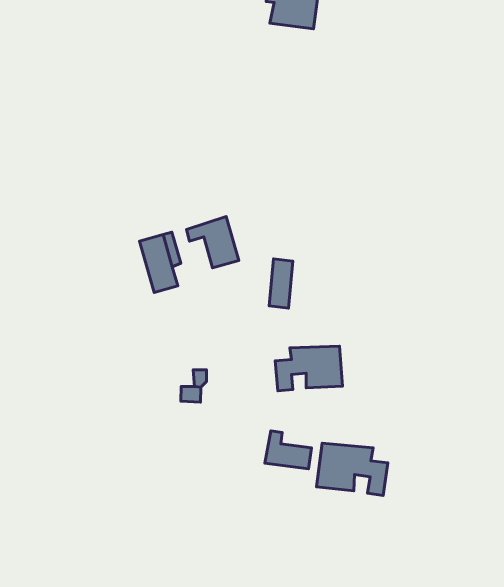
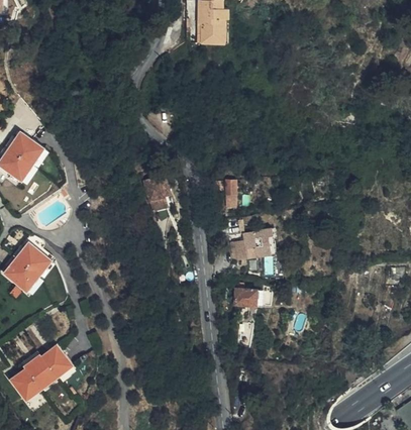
building: [186,216,239,268] -> none
building: [316,443,388,496] -> none

